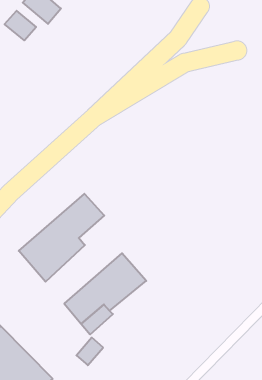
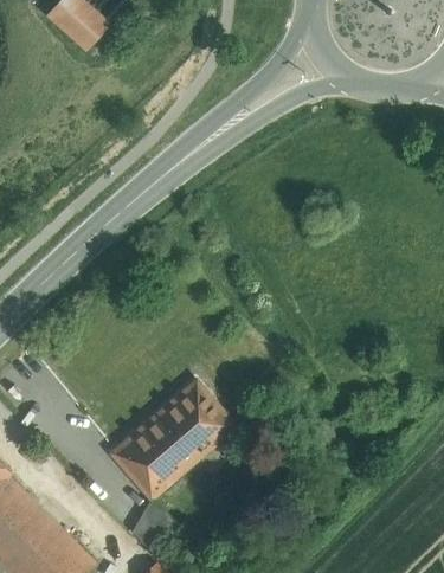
building: [5,11,36,40] -> none
building: [19,194,104,282] -> none

